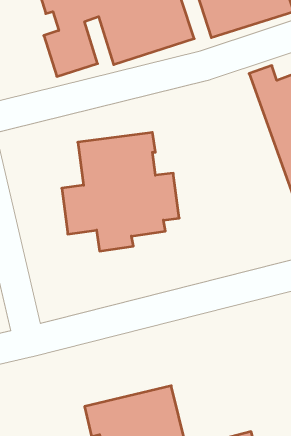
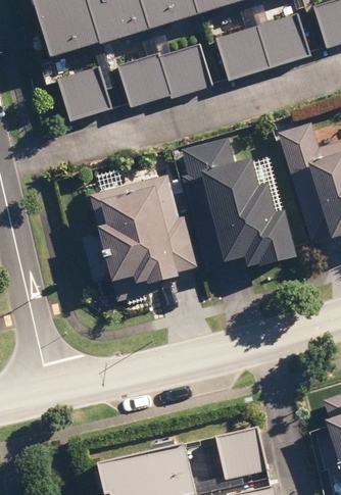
building: none -> [180,137,300,267]
building: none -> [214,425,265,478]

